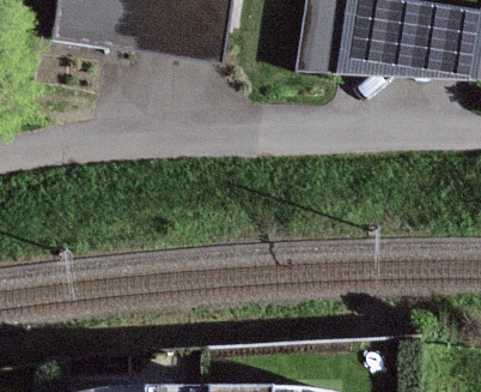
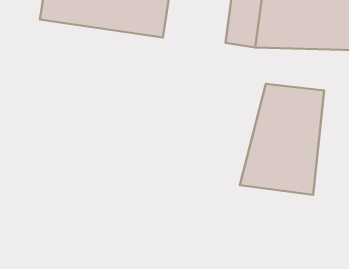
building: none -> [240,84,324,195]

